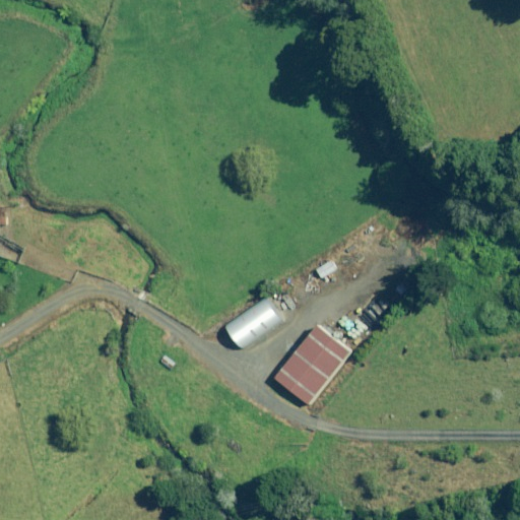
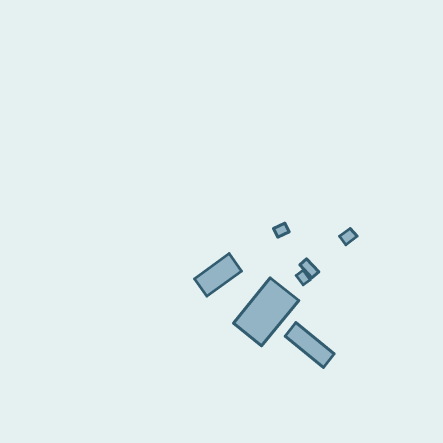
building: none -> [285,322,334,368]

